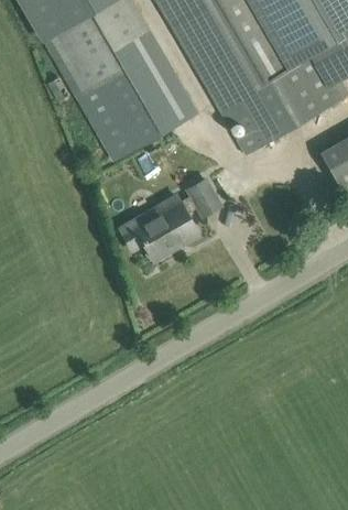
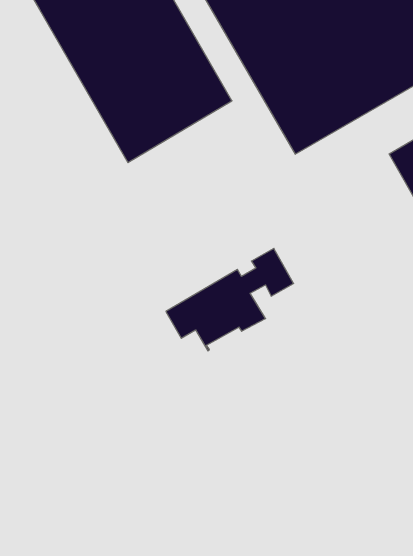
building: [120,178,220,259] -> [166,248,294,351]

